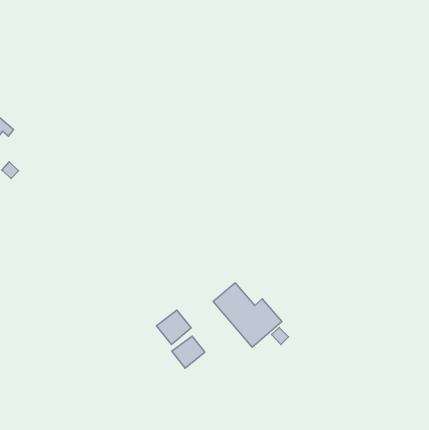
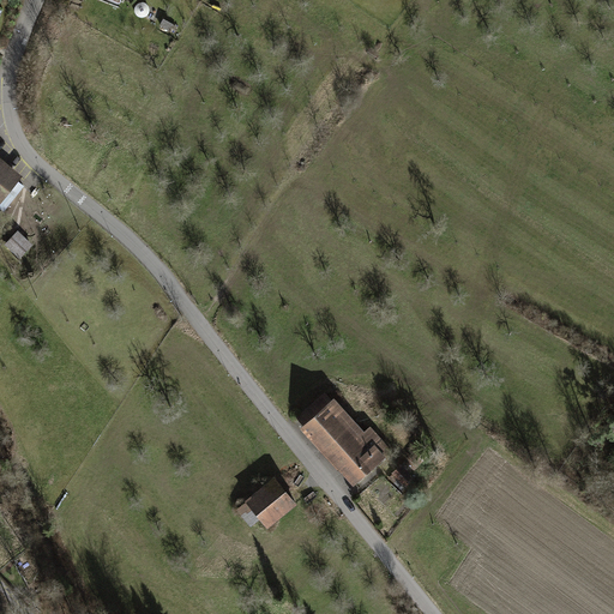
building: [156,310,191,345] -> none

